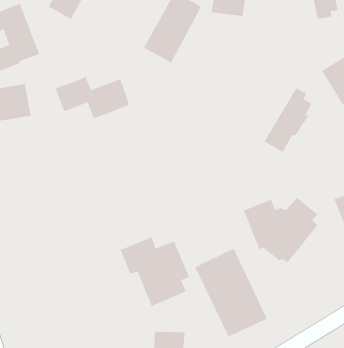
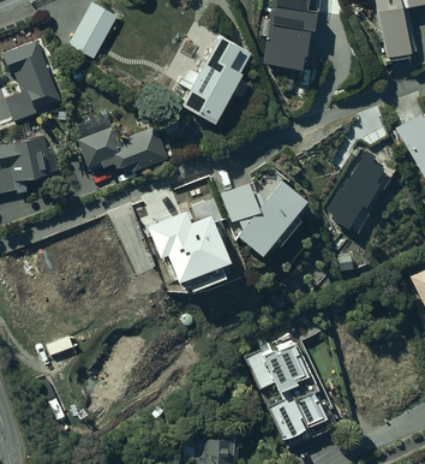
building: [243,197,318,263] -> [219,173,307,251]
building: [120,237,190,307] -> [148,208,231,291]

